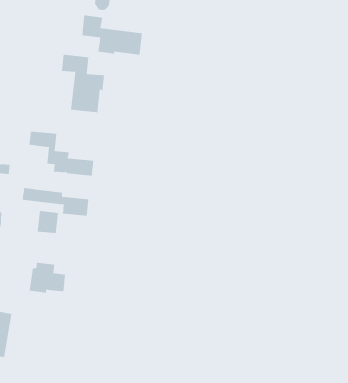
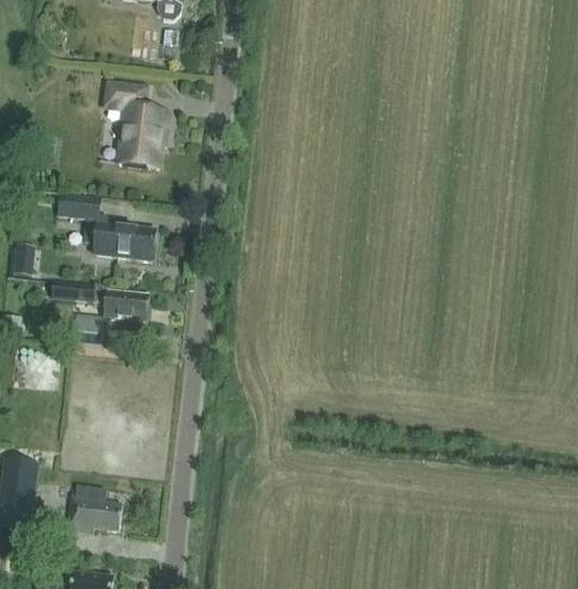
building: [82,14,143,55] -> none
building: [29,262,66,293] -> [67,485,122,531]

